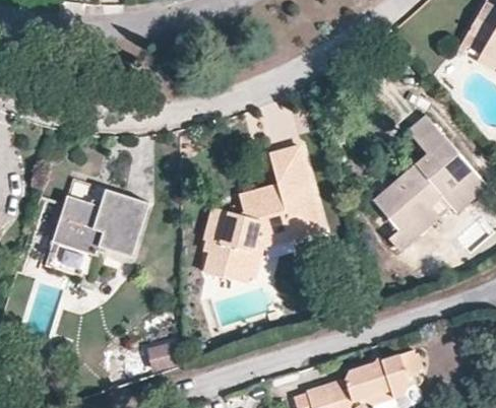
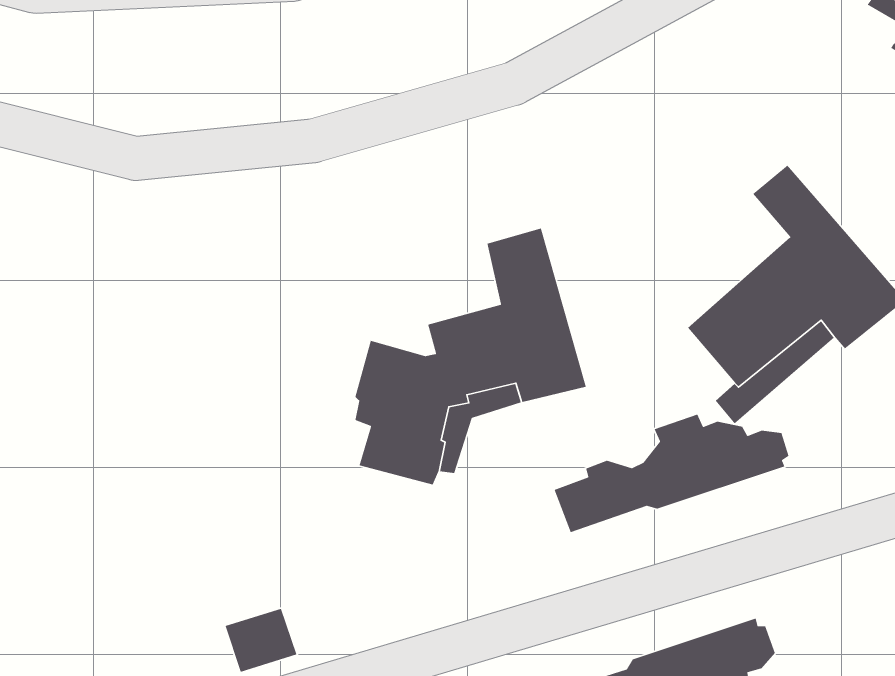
building: [45,190,150,269] -> none
building: none -> [554,414,789,533]

